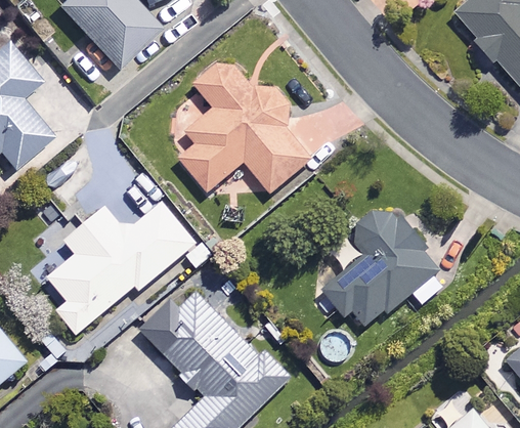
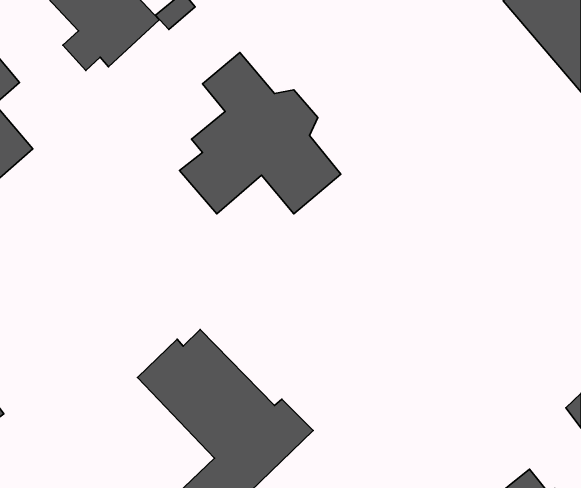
building: [49,202,196,334] -> none
building: [323,209,450,328] -> none

